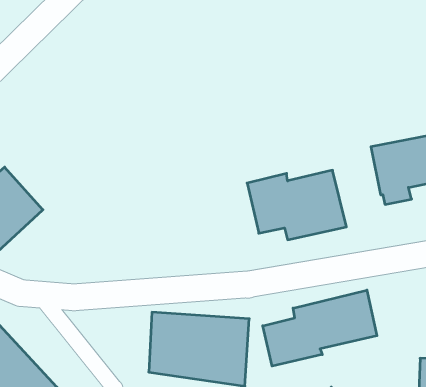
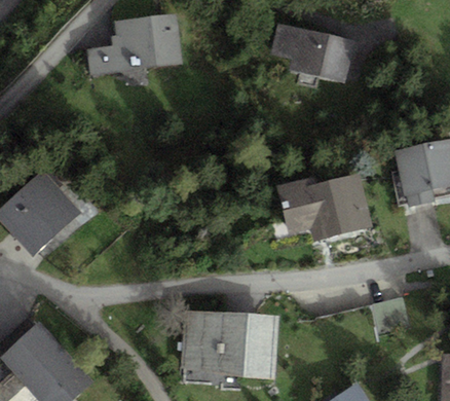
building: none -> [86,14,182,75]
building: none -> [270,23,355,82]
building: [263,290,377,366] -> none

